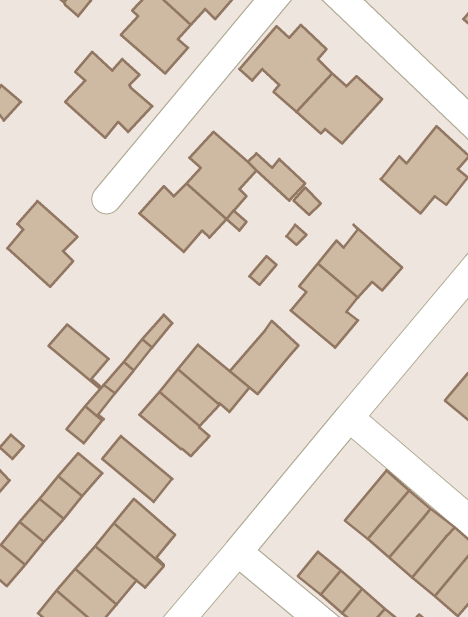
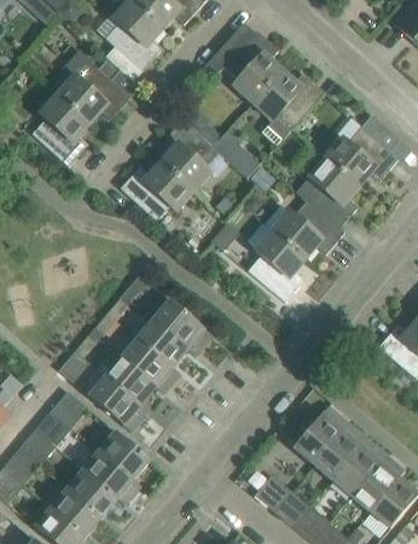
building: none -> [301,159,358,234]
building: [7,201,77,287] -> [31,94,91,166]
building: [230,321,298,394] -> none
building: [49,325,109,389] -> [104,358,155,413]

